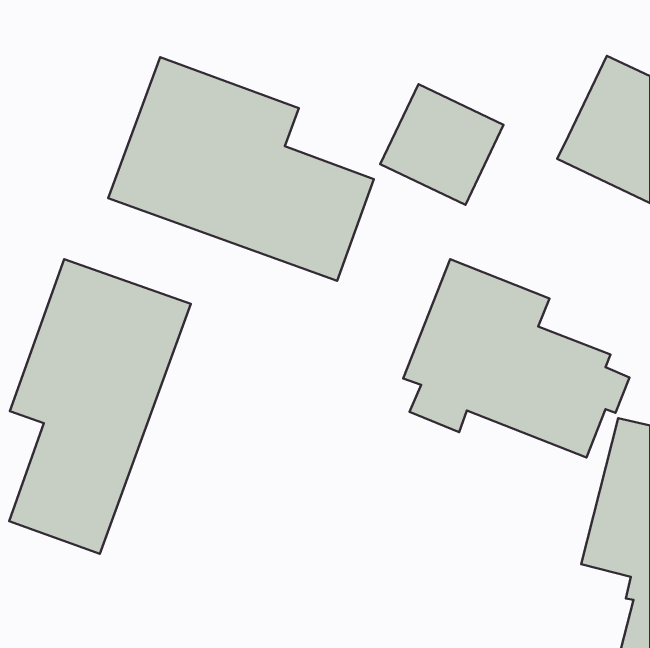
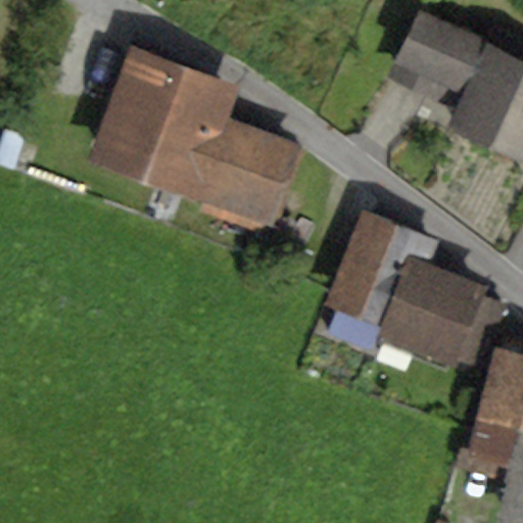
building: [380,84,504,205] -> [388,13,487,110]
building: [9,259,191,554] -> none

